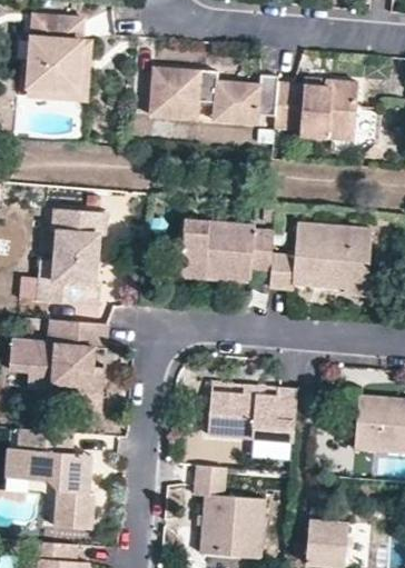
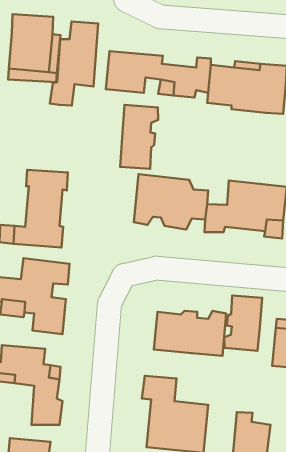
building: none -> [50,22,98,106]
building: none -> [120,105,158,169]
building: none -> [224,295,262,351]

